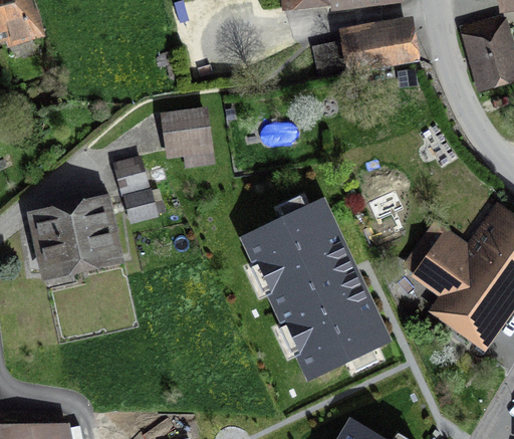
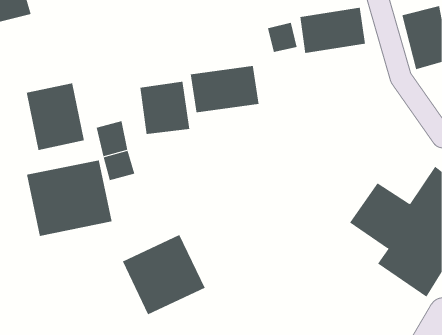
building: none -> [190,65,259,113]
building: none -> [26,82,84,151]
building: [243,201,381,371] -> none
building: none -> [122,234,205,315]

